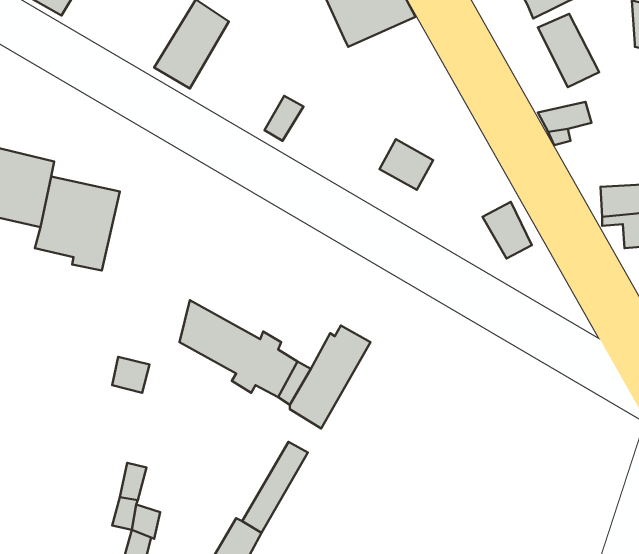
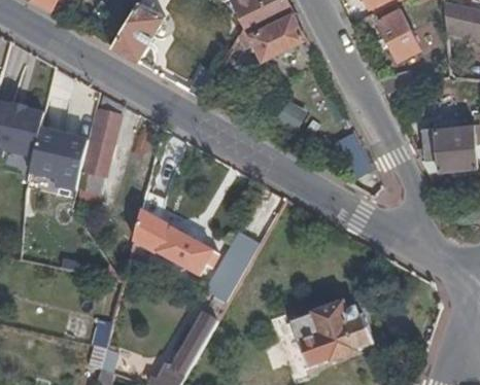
building: none -> [230,13,307,61]
building: none -> [77,112,117,195]
building: none -> [274,302,375,377]

